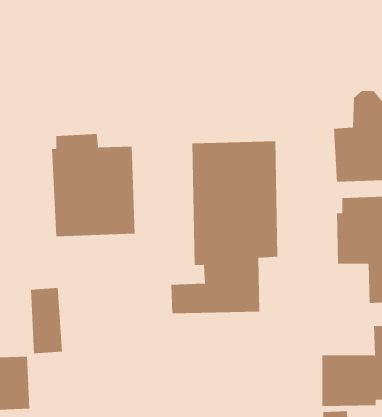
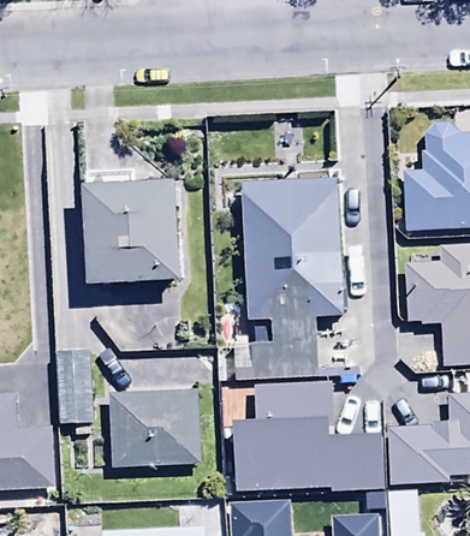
building: none -> [238,385,386,489]
building: none -> [113,388,202,464]

